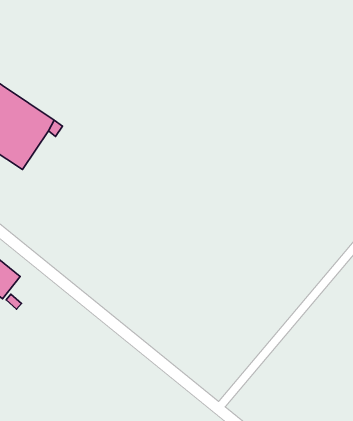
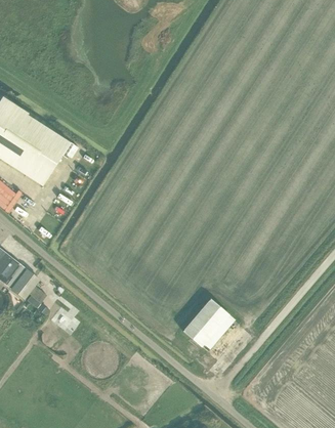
building: none -> [183,298,229,347]

